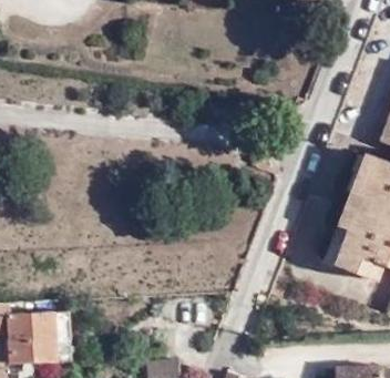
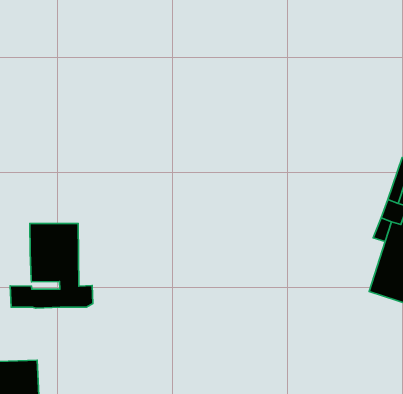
building: none -> [10,223,93,308]

